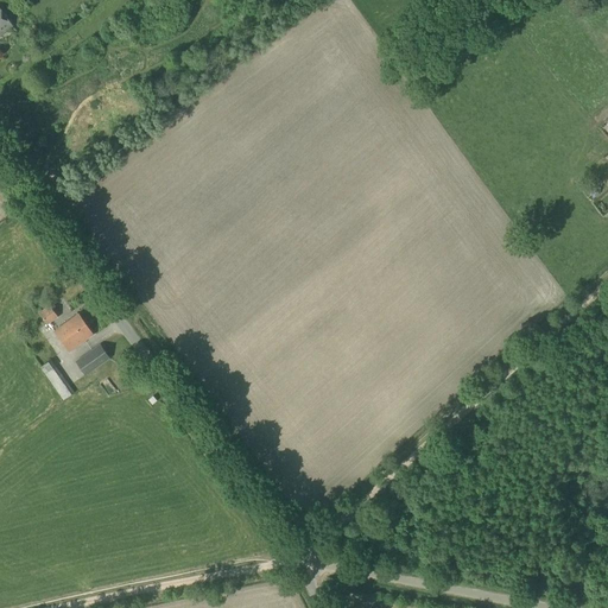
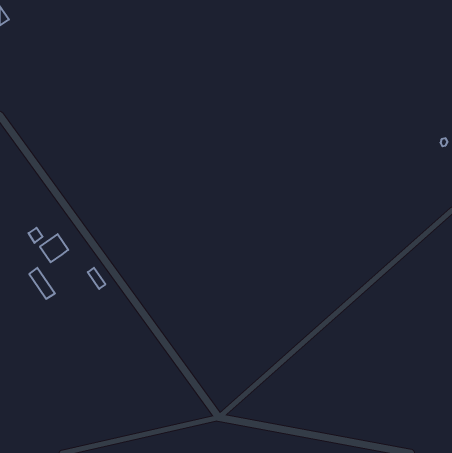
building: [74,344,109,376] -> none

